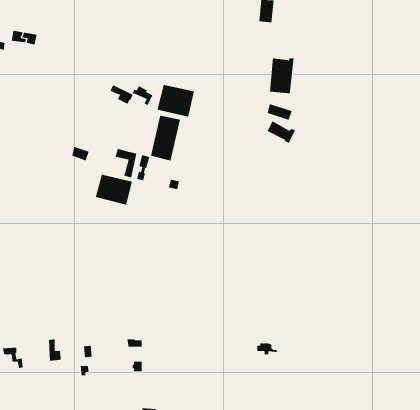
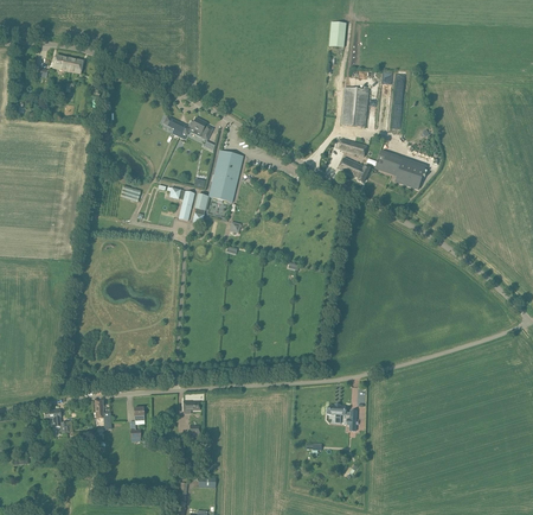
building: [157,84,194,118] -> none
building: none -> [375,151,426,189]
building: [95,174,132,205] -> none

